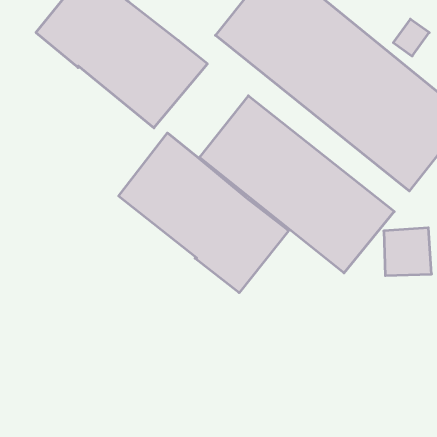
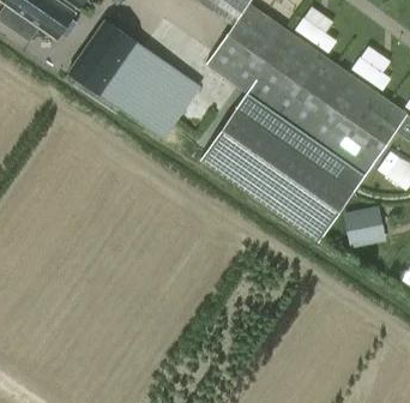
building: [119,133,288,293] -> none

